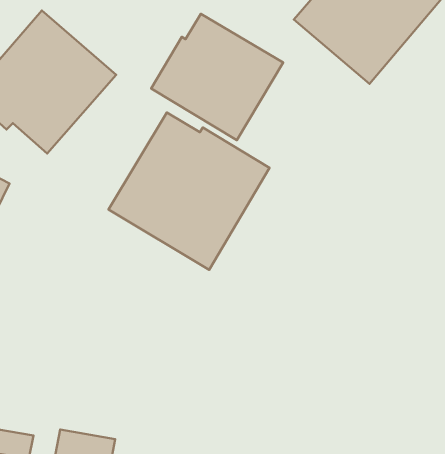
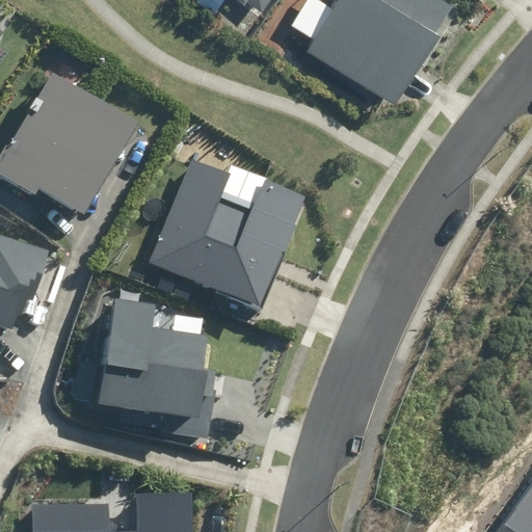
building: [151,14,283,140] -> none
building: none -> [89,296,214,440]

